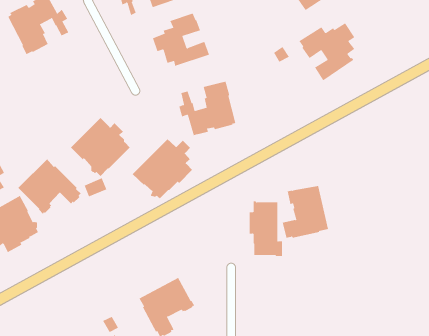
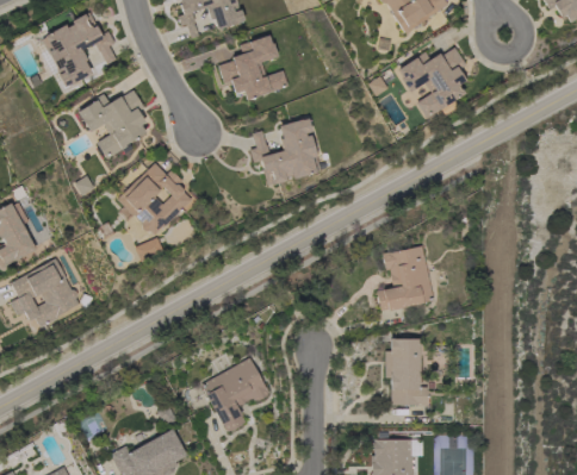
building: none -> [79,90,147,158]
building: [132,139,193,199] -> none
building: [18,159,82,215] -> none
building: [249,201,283,257] -> [385,338,427,406]

